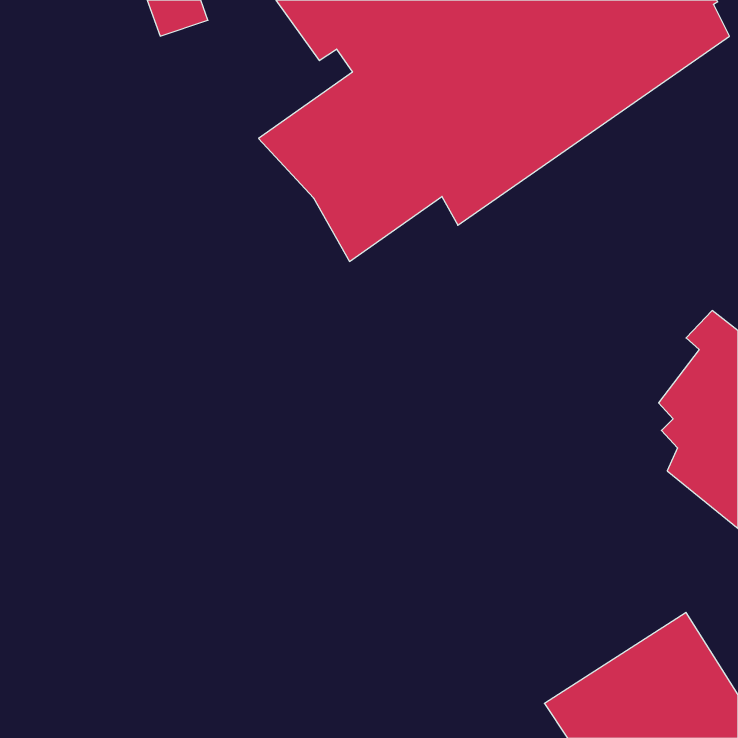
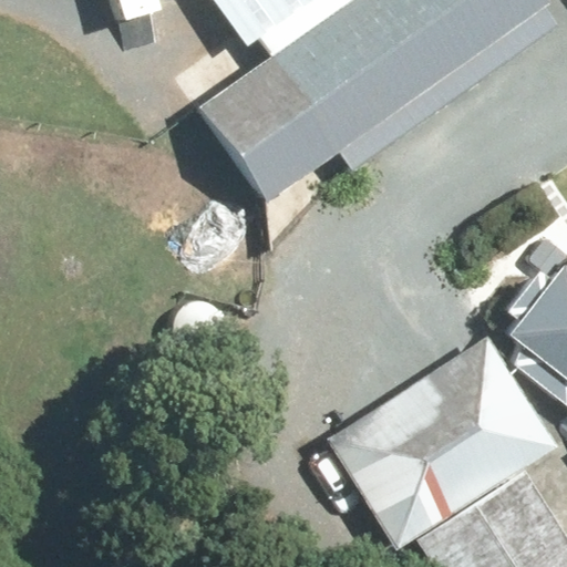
building: none -> [328,336,559,547]

